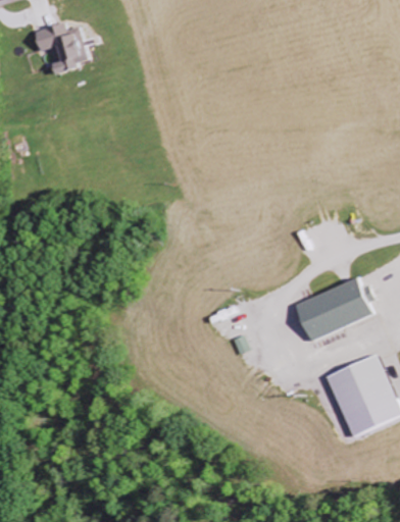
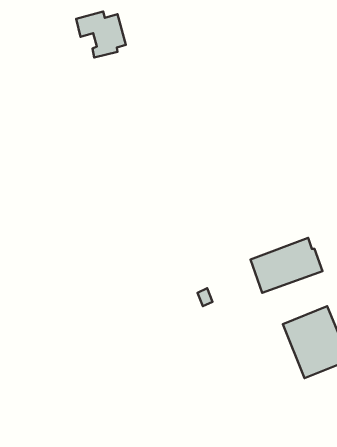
building: [30,23,86,75] -> [76,11,126,57]

